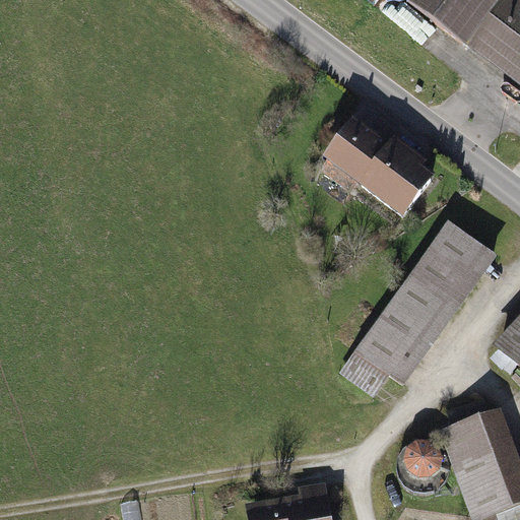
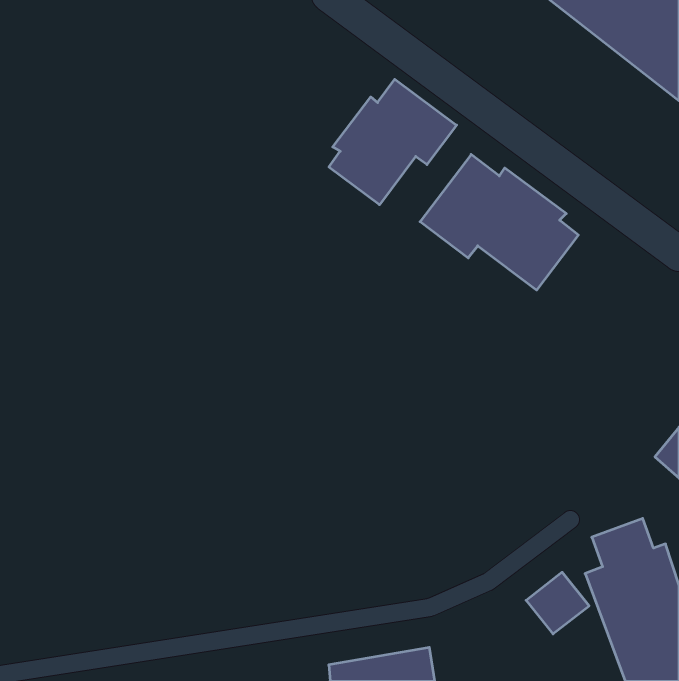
building: none -> [329,79,457,205]
building: [338,218,498,397] -> none

